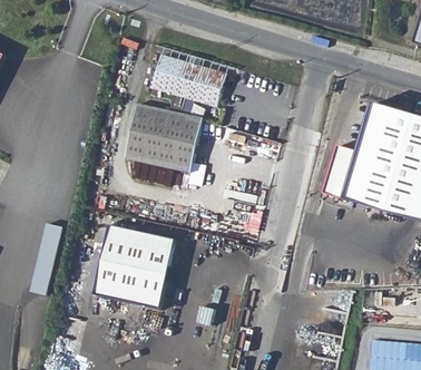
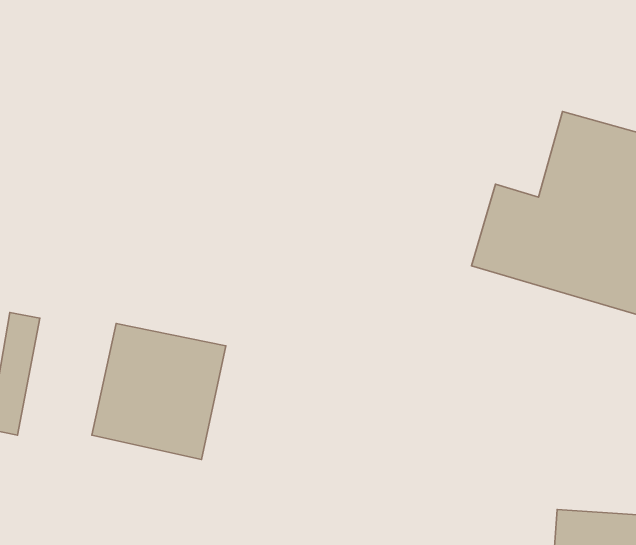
building: [125,51,225,171] -> none

